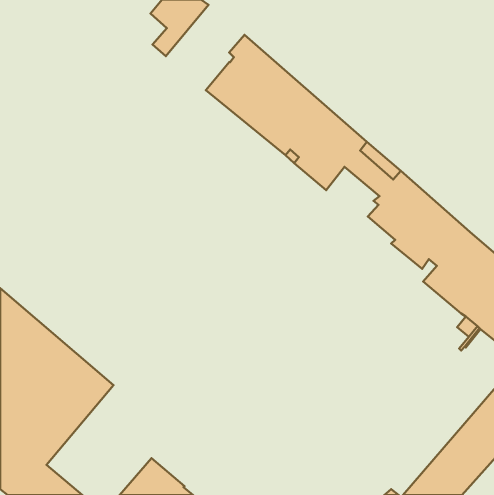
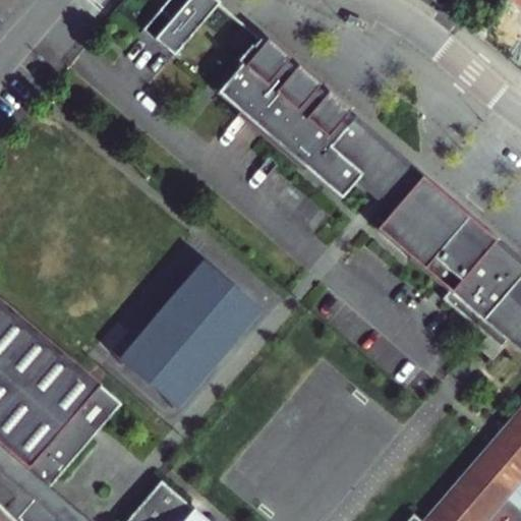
building: none -> [116,256,263,409]

